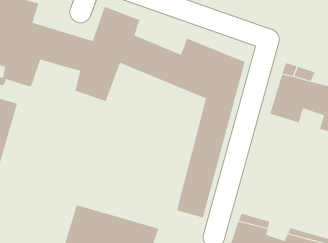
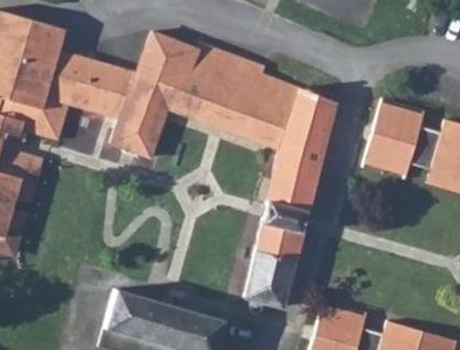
building: none -> [191,42,262,95]

